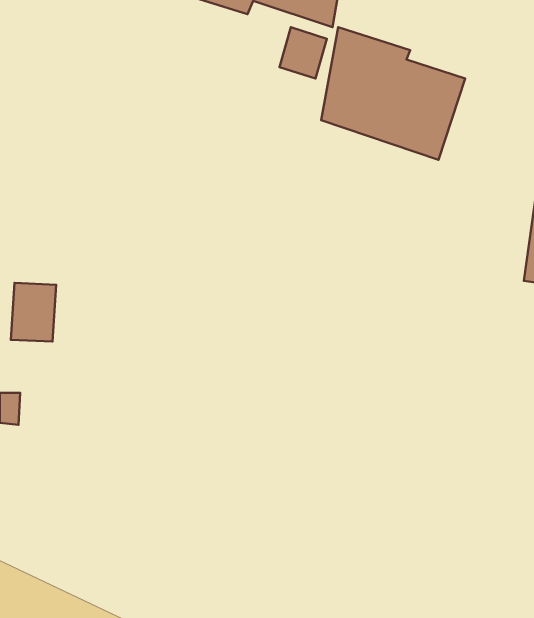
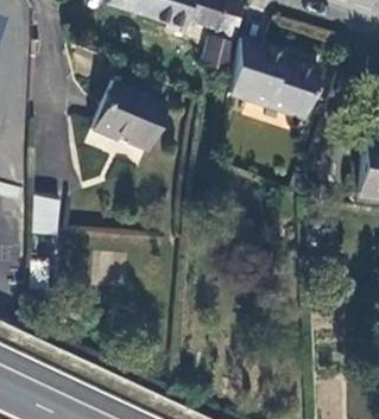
building: none -> [94,78,168,148]

